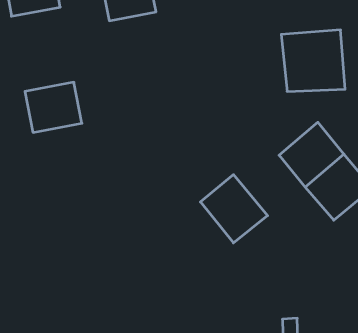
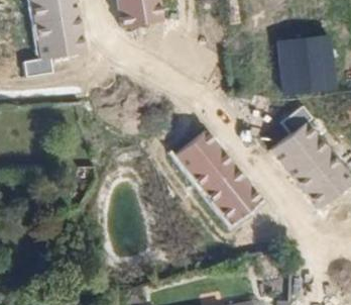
building: [25,82,82,132] -> [34,13,85,58]
building: none -> [171,125,231,186]

